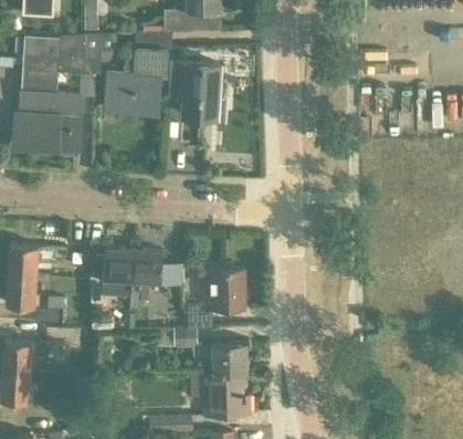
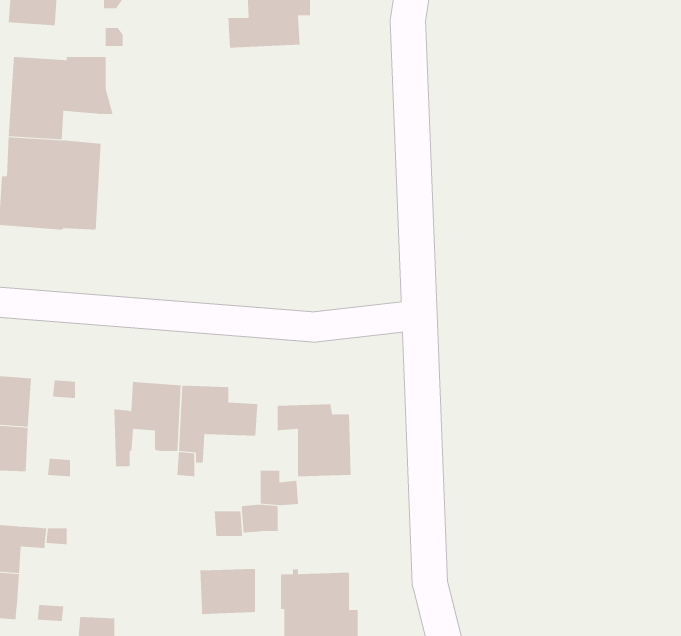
building: [107,33,169,118] -> none
building: [86,34,118,75] -> none
building: [172,64,222,119] -> none
building: [211,344,248,374] -> [200,568,256,614]

